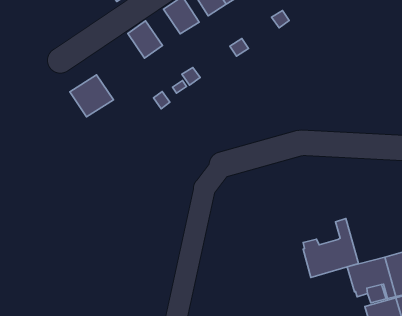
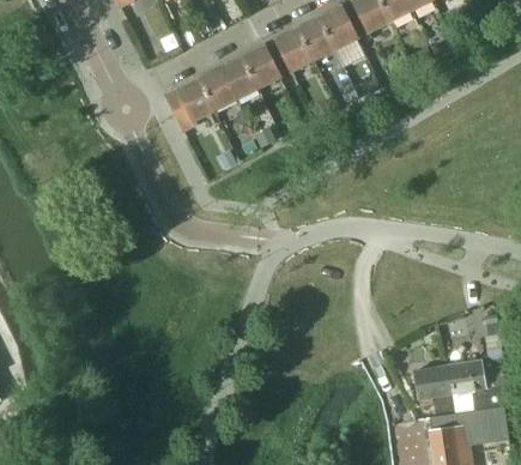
building: none -> [219,58,256,98]
building: [70,75,113,117] -> [165,80,213,126]
building: [303,219,358,278] -> none

